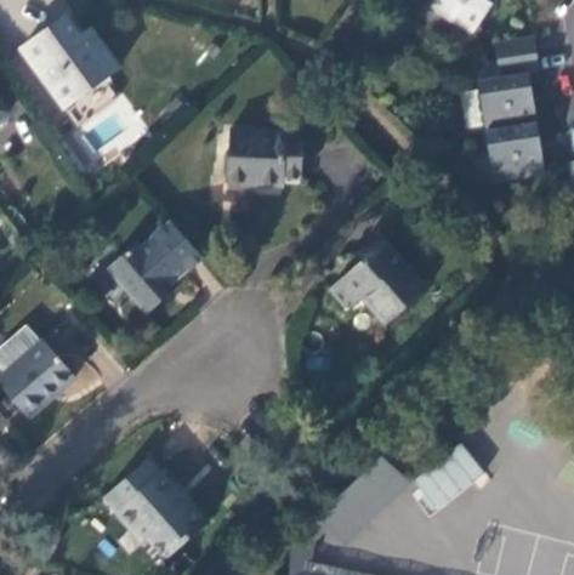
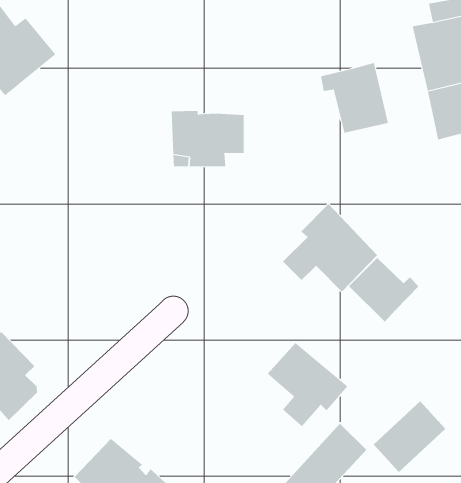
building: none -> [321,62,388,133]
building: [106,222,199,314] -> none
building: none -> [348,257,419,323]
building: none -> [267,342,348,427]

